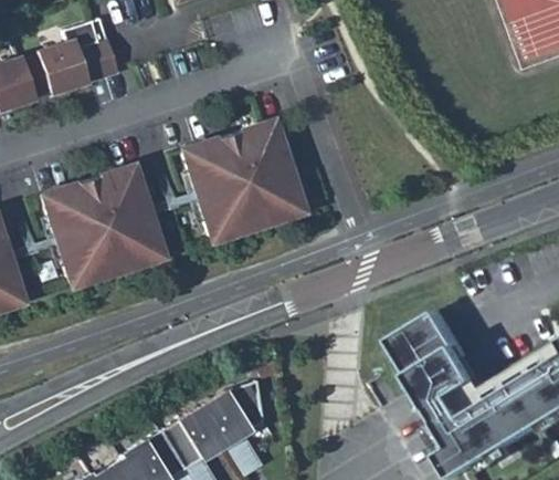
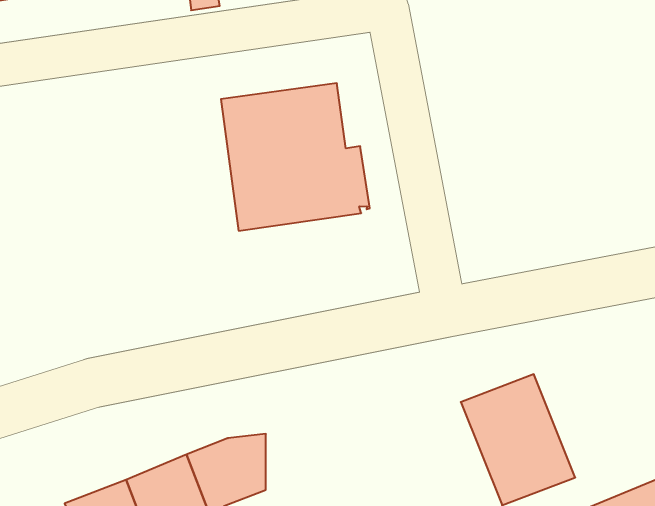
building: [41,166,161,284] -> none

